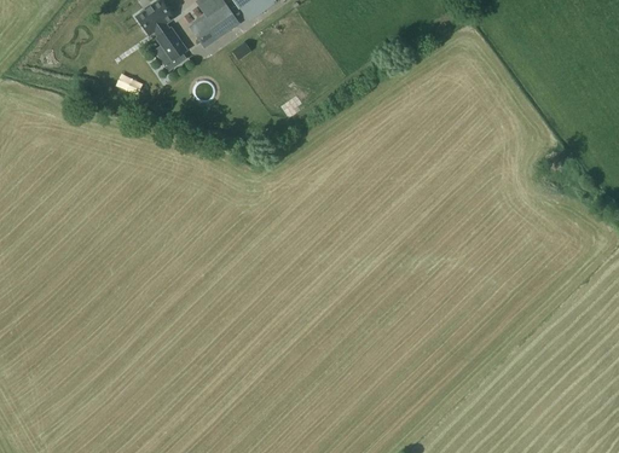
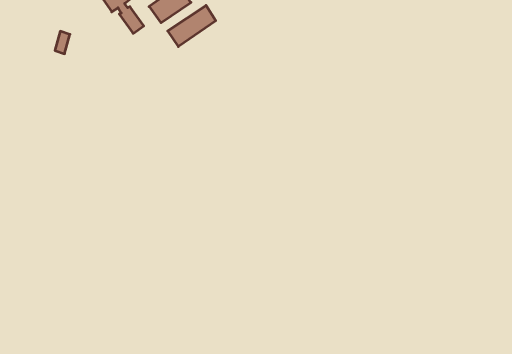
building: none -> [168,5,216,47]

